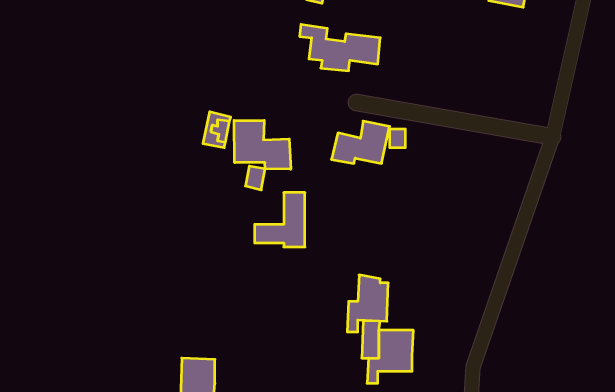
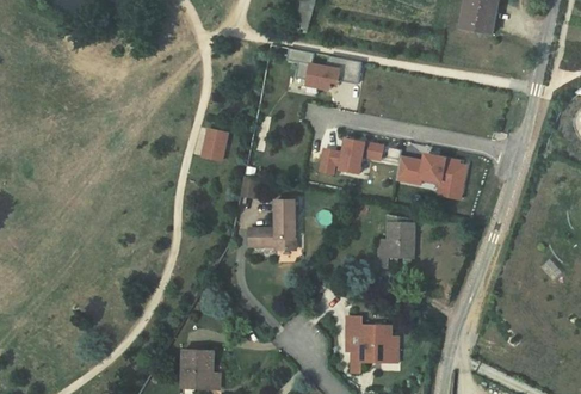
building: [234,120,291,169] -> none
building: none -> [396,153,470,201]
building: [347,275,388,332] -> [377,216,414,267]

